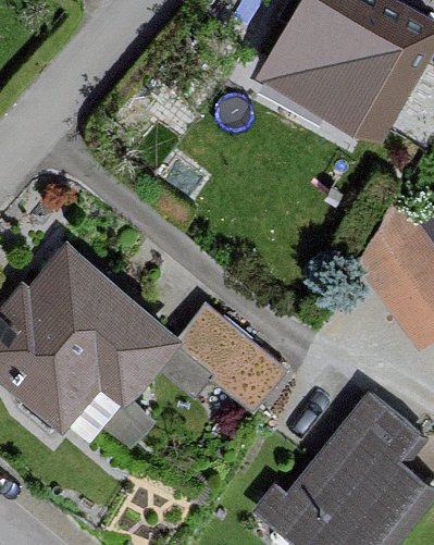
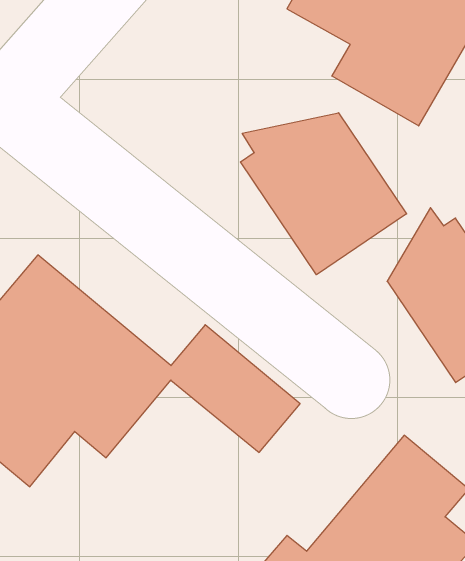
building: none -> [240,113,407,275]

